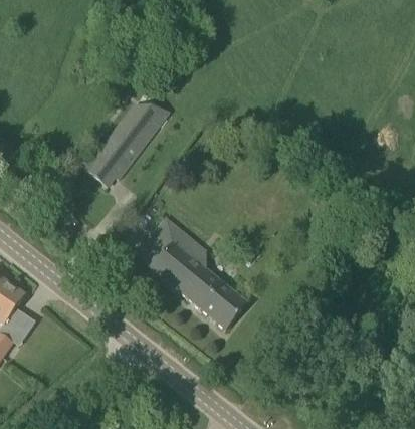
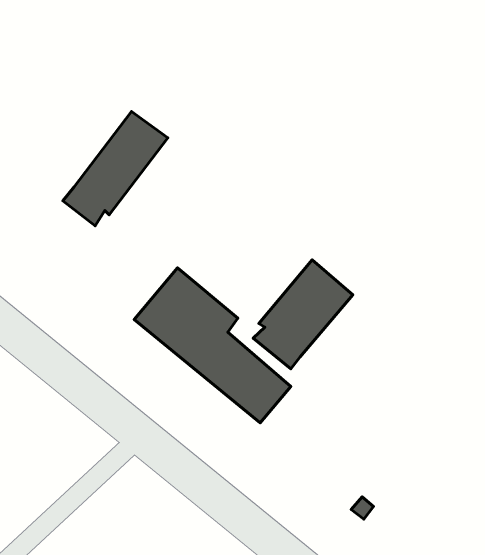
building: none -> [253,260,353,369]

